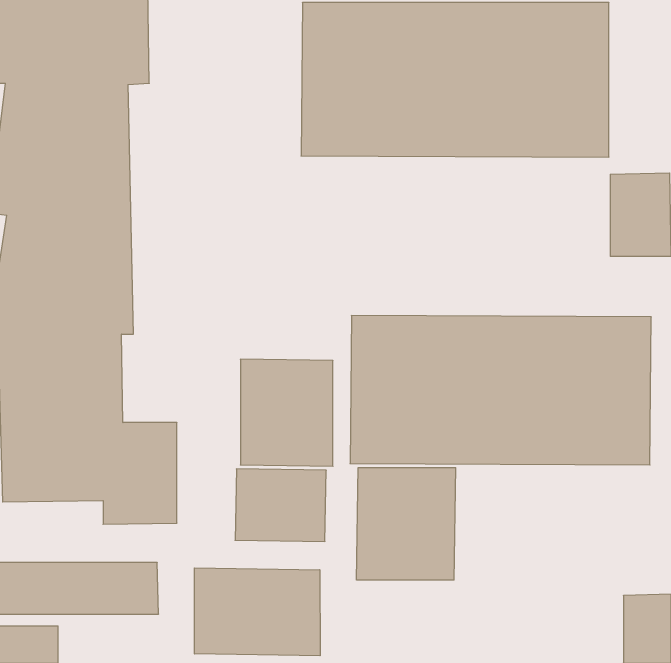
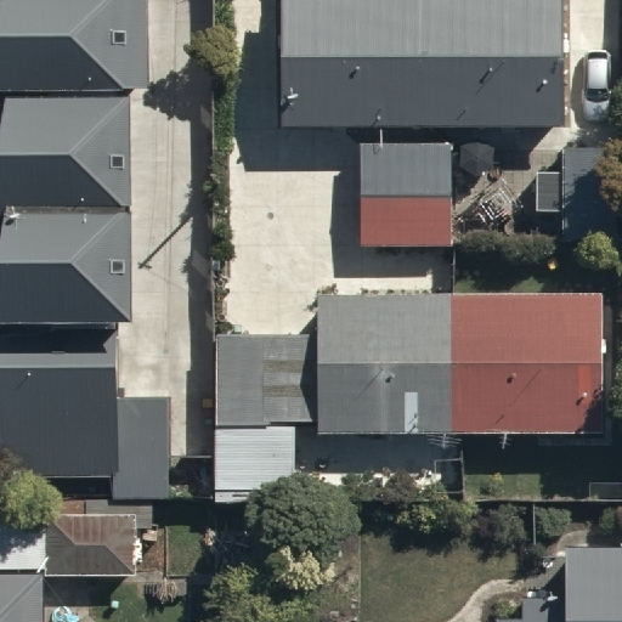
building: none -> [356,156,451,251]
building: [357,468,456,580] -> none
building: [194,568,320,656] -> none

